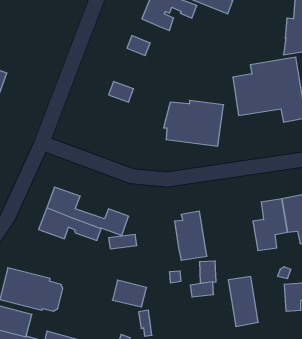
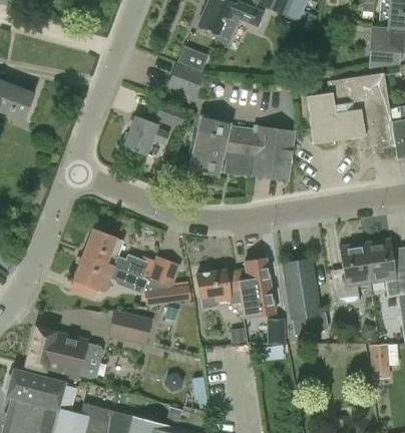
building: none -> [167,63,206,98]
building: none -> [125,117,170,155]
building: none -> [189,117,231,177]
building: none -> [197,270,242,309]
building: [228,277,258,326] -> [284,260,320,320]
building: [112,280,147,307] -> [109,312,150,344]

